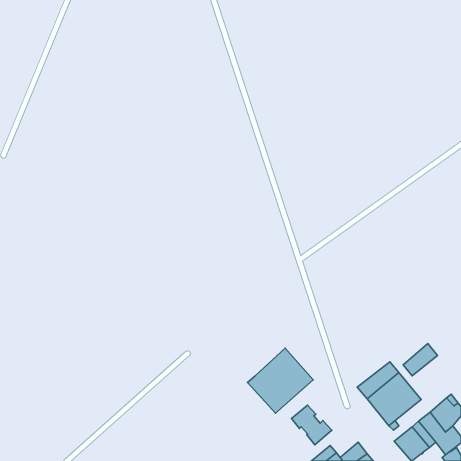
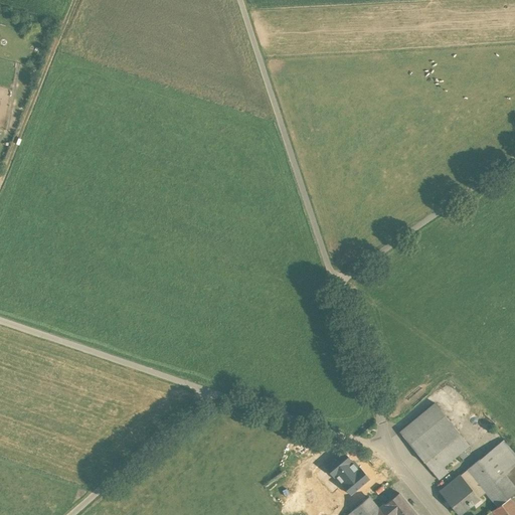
building: [403,343,437,376] -> none
building: [247,348,313,413] -> none

